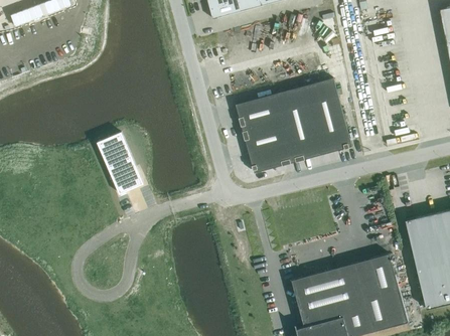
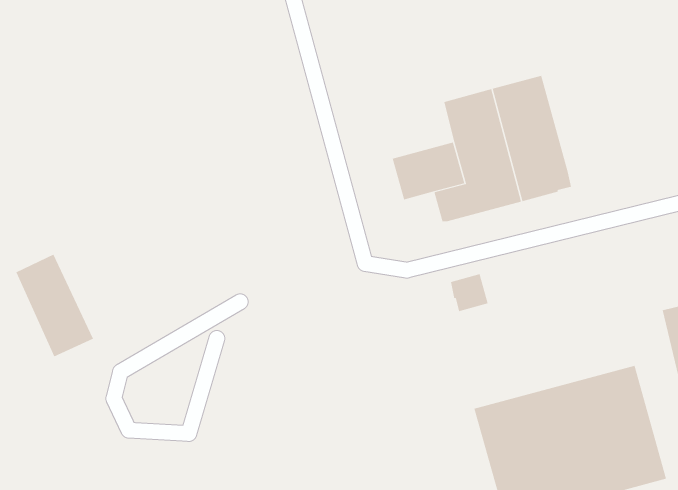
building: [237,94,280,128] -> none
building: [99,131,146,193] -> [16,254,94,357]
building: [250,148,273,171] -> [450,273,489,312]

